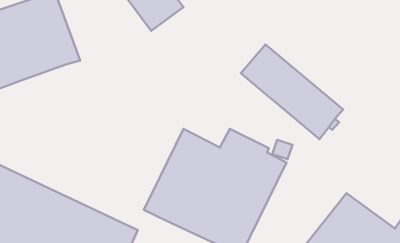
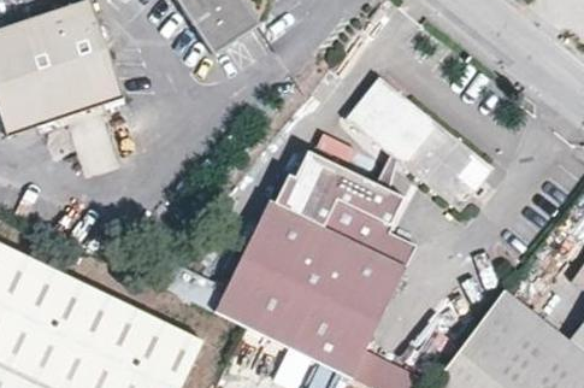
building: none -> [273,147,402,224]

